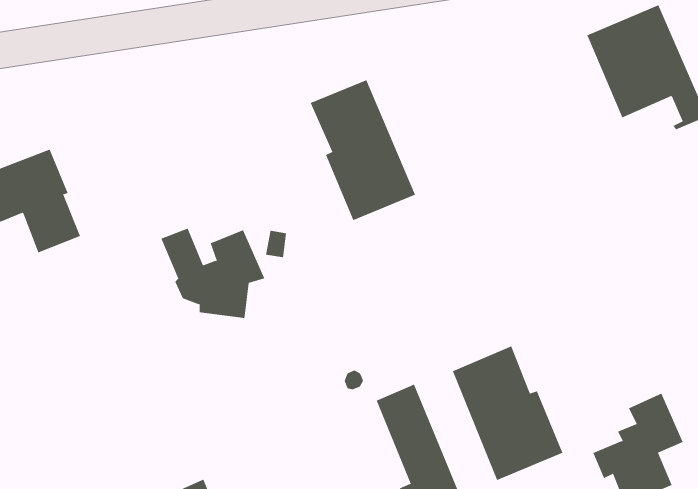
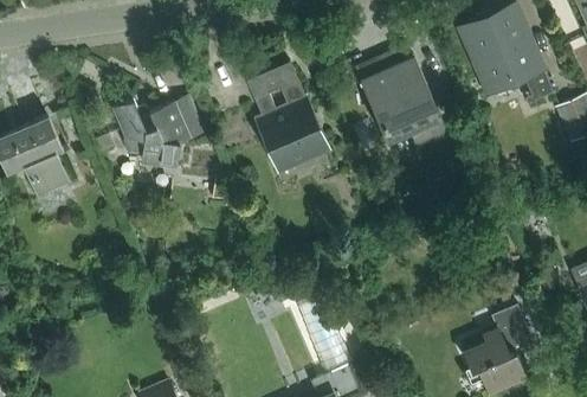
building: none -> [354,47,445,145]
building: [161,228,265,319] -> [111,100,192,169]
building: [452,345,563,481] -> none

